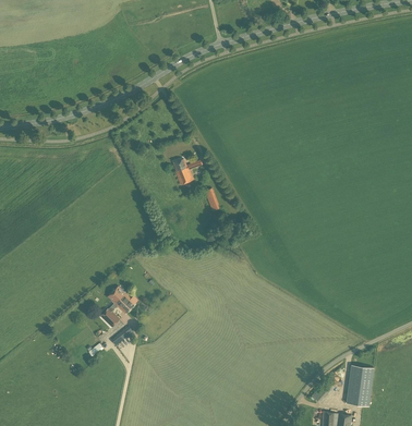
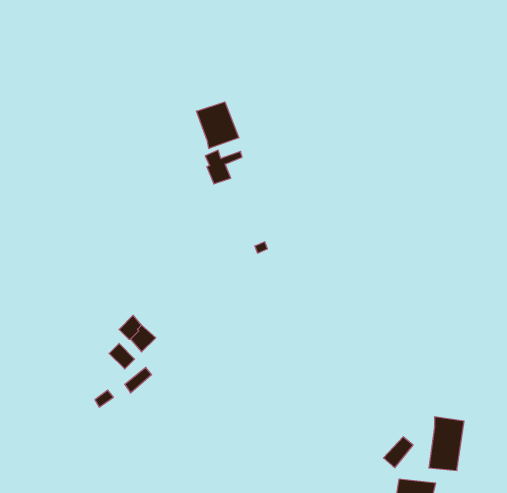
building: none -> [196,102,239,149]

